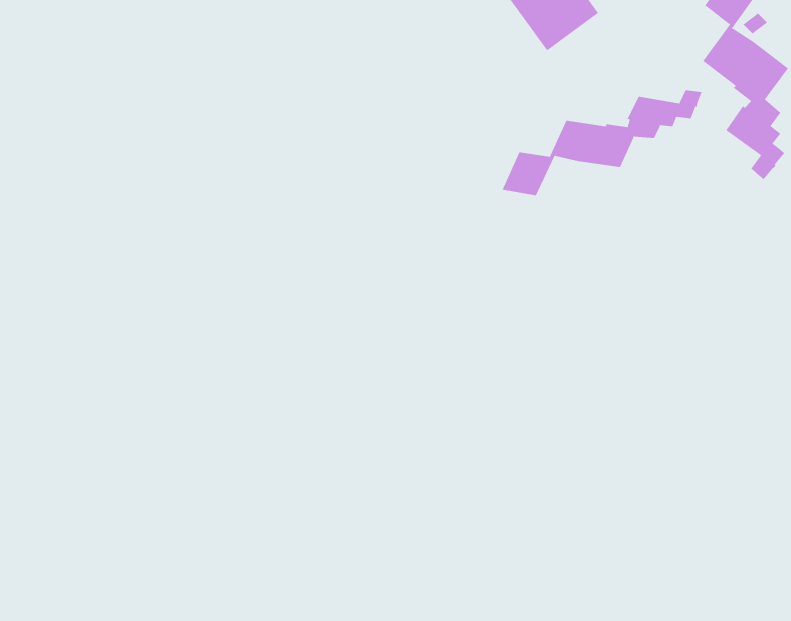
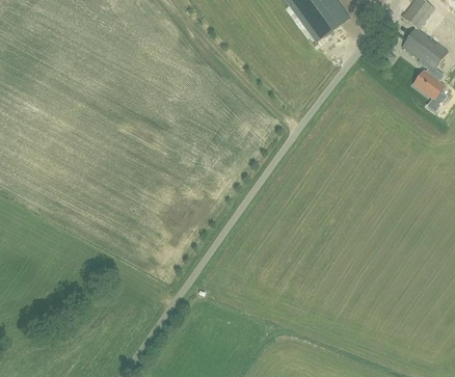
building: [502,90,703,196] -> none

